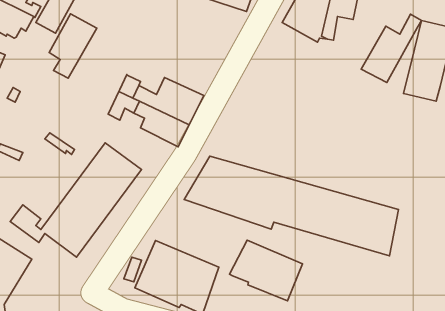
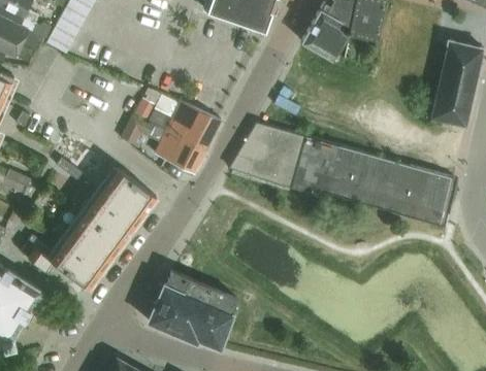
building: [49,14,97,78] -> none
building: [361,14,421,82] -> none
building: [184,156,399,256] -> [229,123,453,227]
building: [229,240,302,301] -> none

